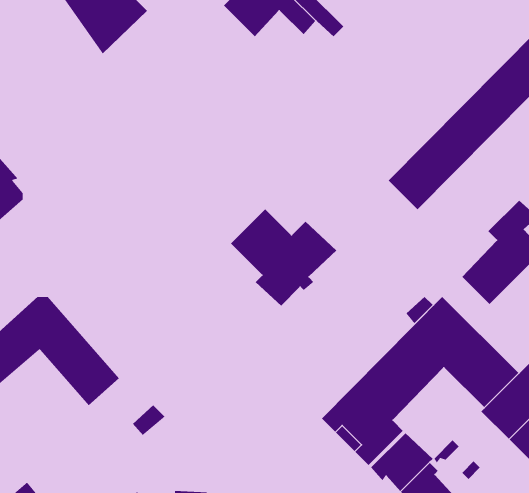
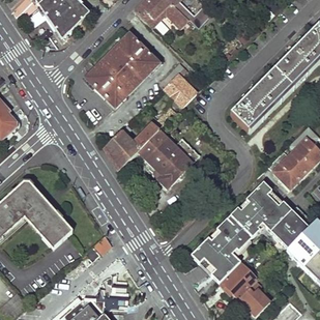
building: none -> [86,34,159,107]
building: none -> [159,61,197,107]
building: none -> [105,106,177,169]

